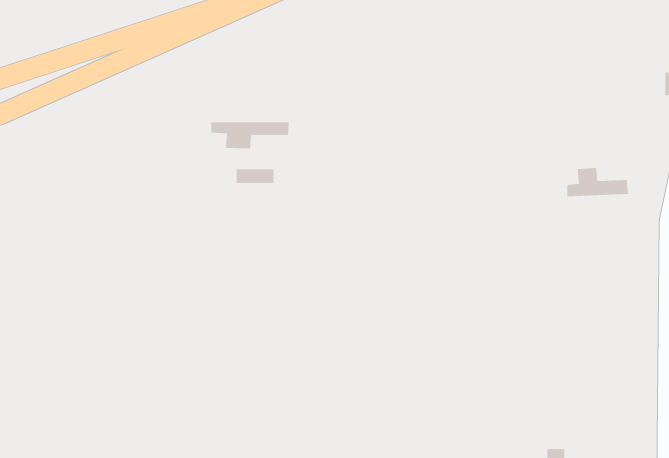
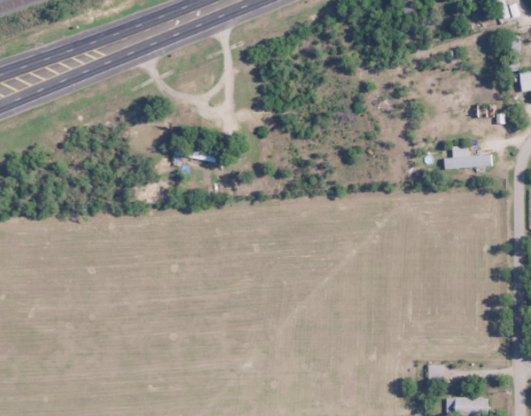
building: [211,122,289,149] -> none

